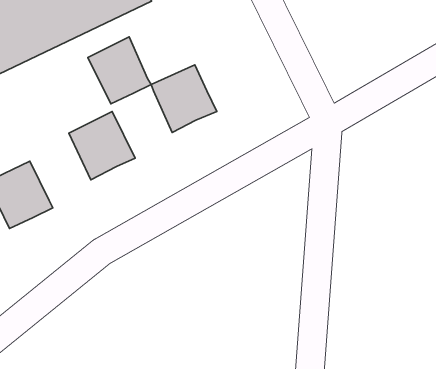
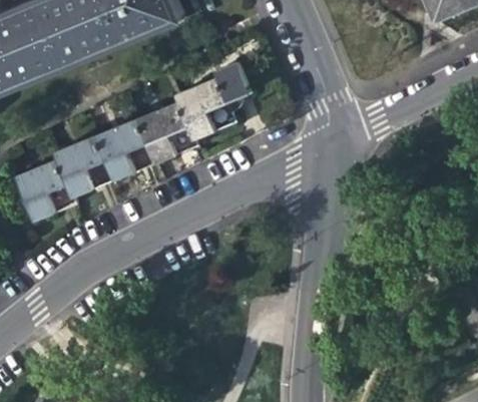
building: [88,37,151,104] -> [137,100,195,162]
building: none -> [214,61,252,103]
building: none -> [54,135,113,197]

